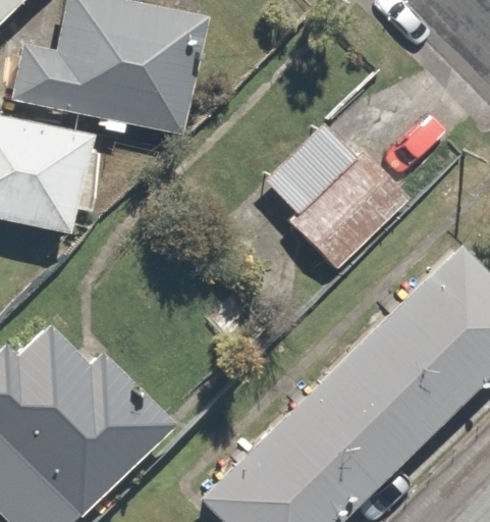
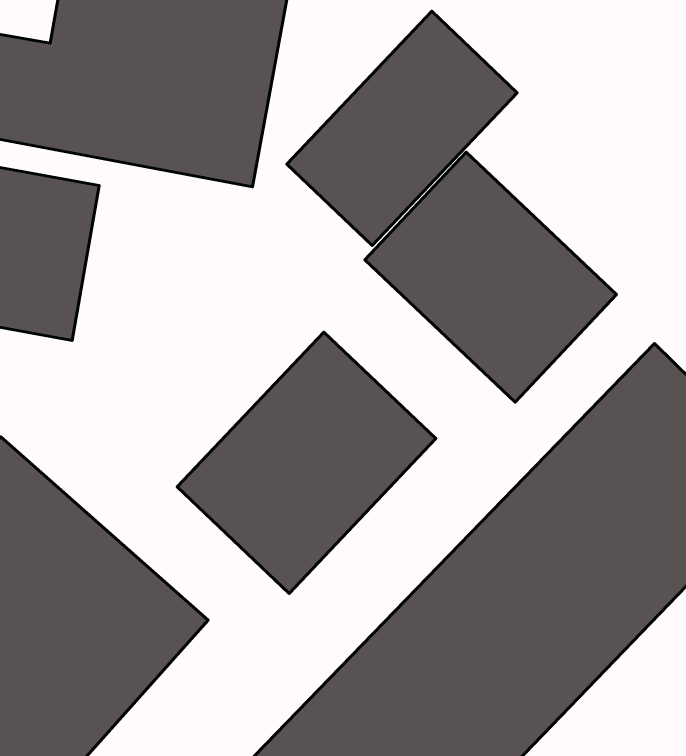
building: none -> [287,11,517,246]
building: none -> [177,332,436,593]

